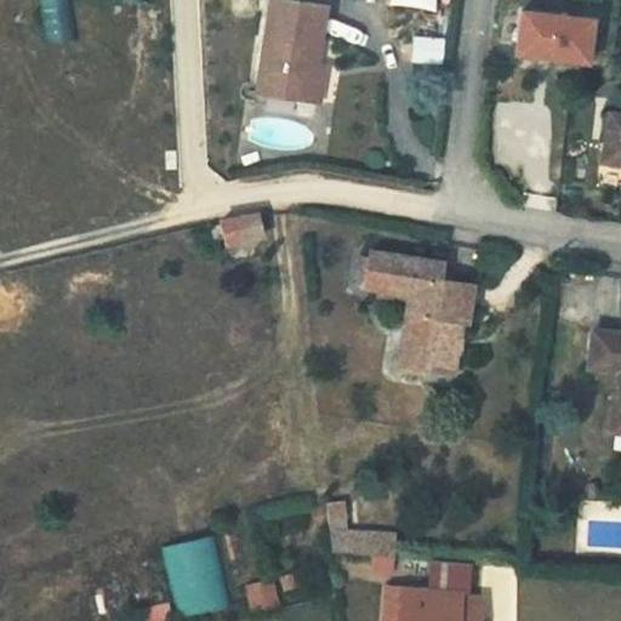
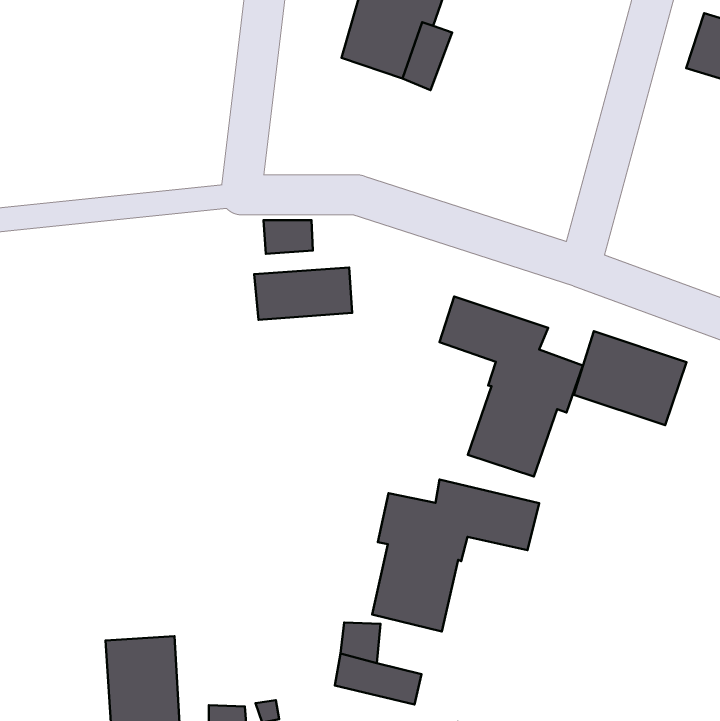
building: none -> [254,267,352,320]
building: none -> [574,331,687,425]
building: none -> [372,480,539,632]

